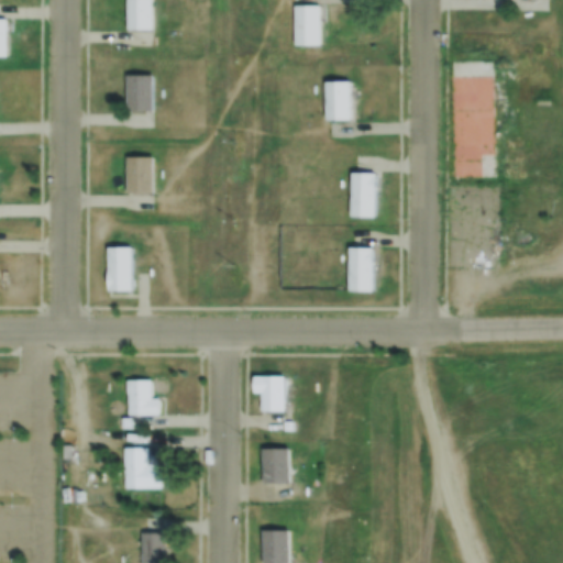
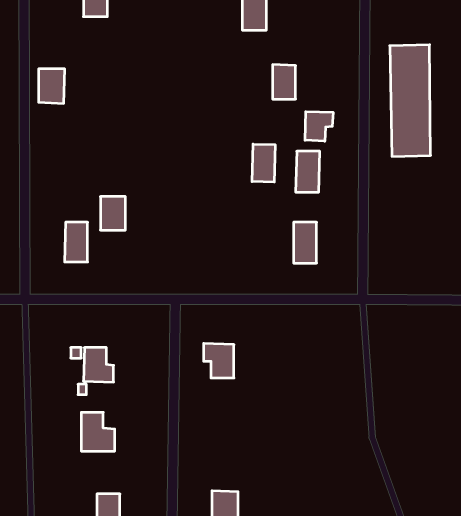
building: [126,76,154,112] -> [39,69,65,103]
building: none -> [305,112,333,141]
building: [126,157,153,192] -> [100,197,125,230]
building: none -> [252,144,275,182]
building: [263,449,290,484] -> none

